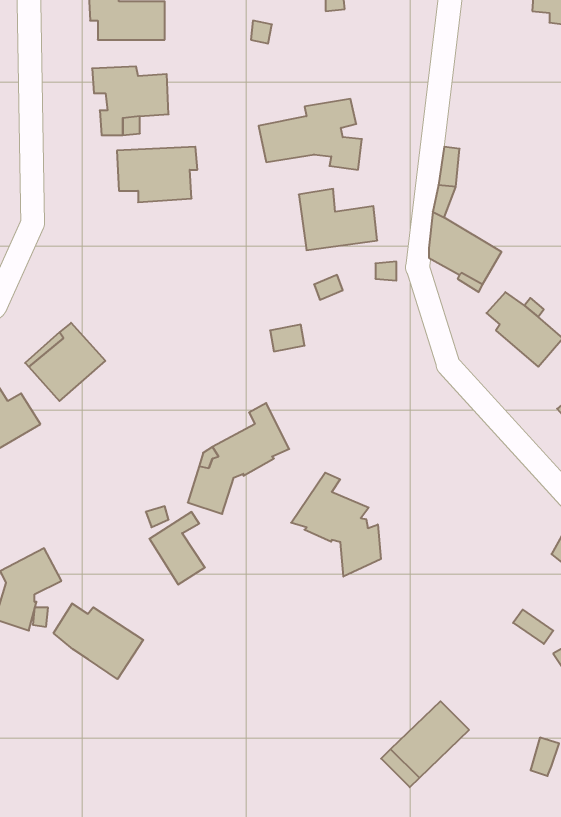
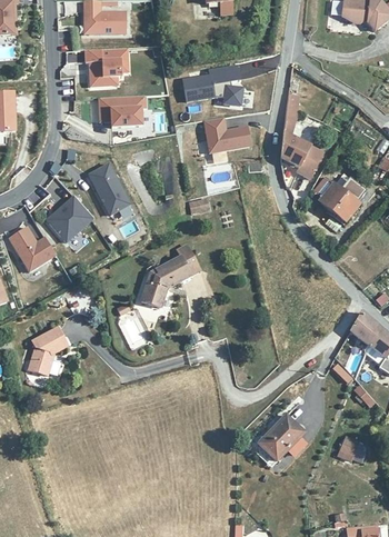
building: none -> [89,163,130,215]
building: [291,473,381,577] -> none
building: [54,603,143,679] -> none

